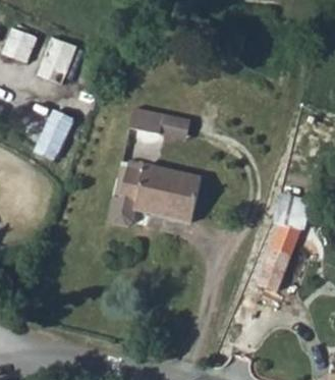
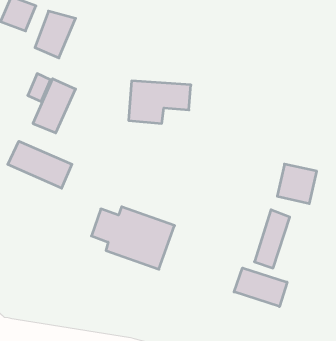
building: [126,166,208,227] -> [91,207,175,269]
building: none -> [8,141,72,188]
building: none -> [234,268,287,307]

